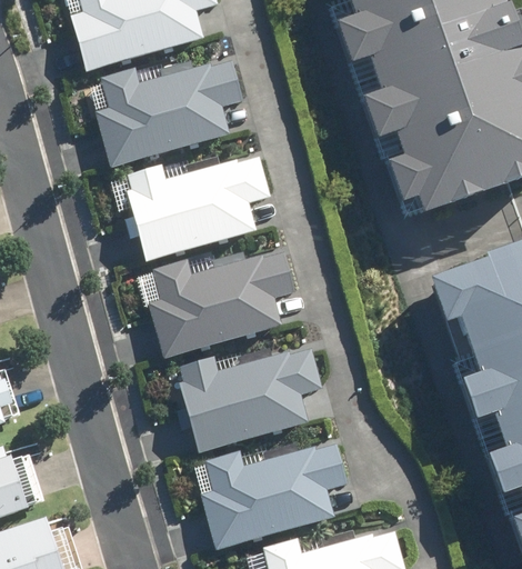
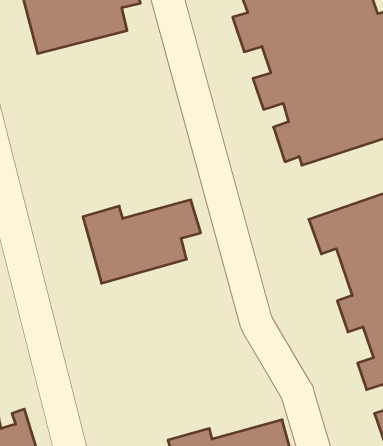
building: [92,60,239,166] -> none
building: [116,156,265,260] -> none
building: [179,346,321,450] -> none
building: [194,442,345,548] -> none

